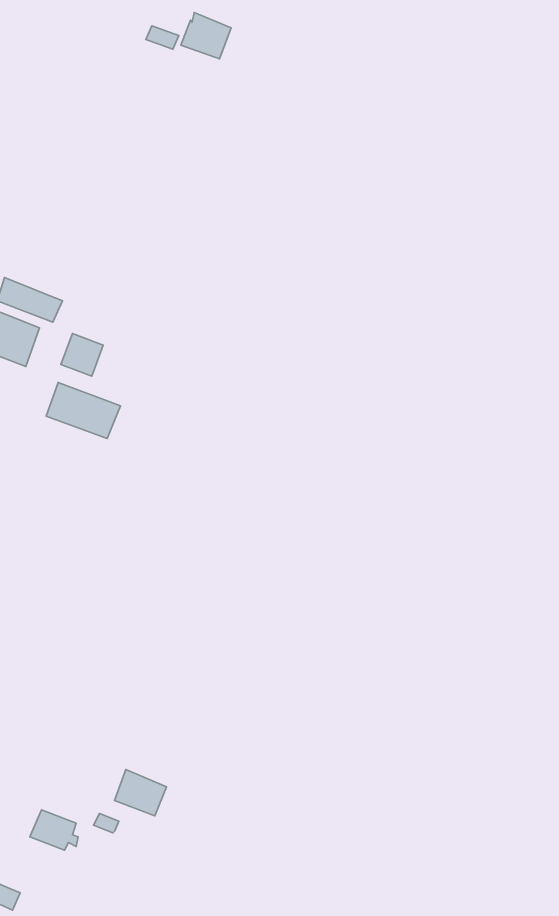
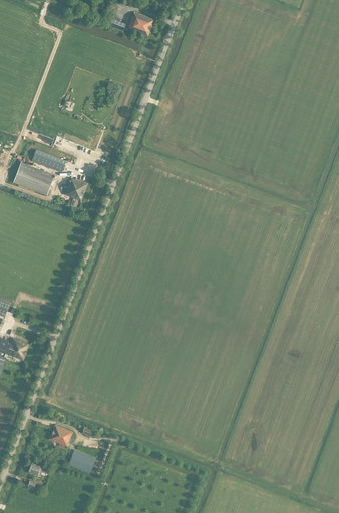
building: [46,382,121,438] -> none
building: [114,770,167,816] -> [68,450,95,474]

